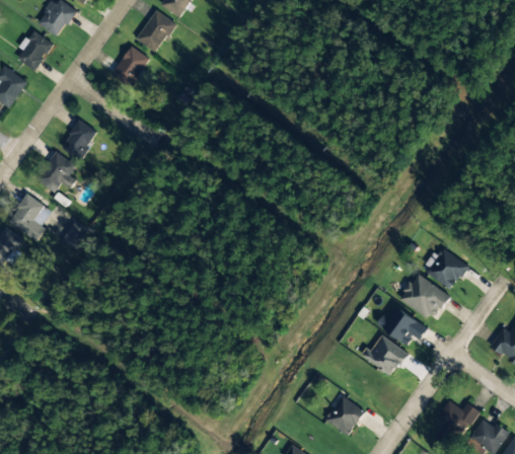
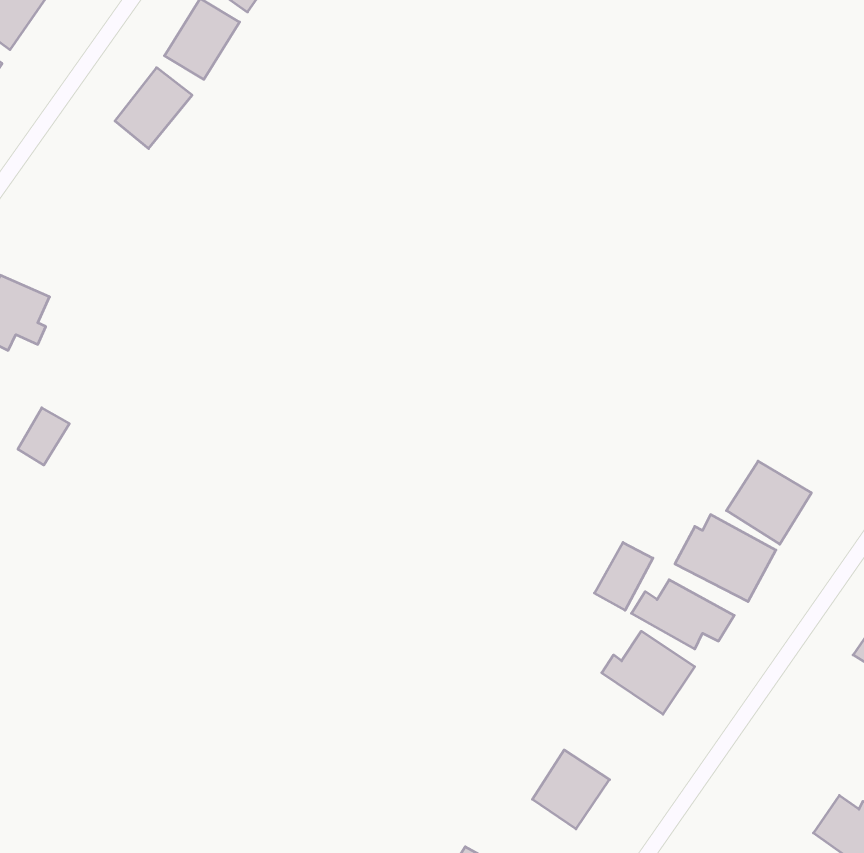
building: [60,120,97,159] -> none
building: none -> [594,542,653,610]
building: [434,400,480,442] -> none

